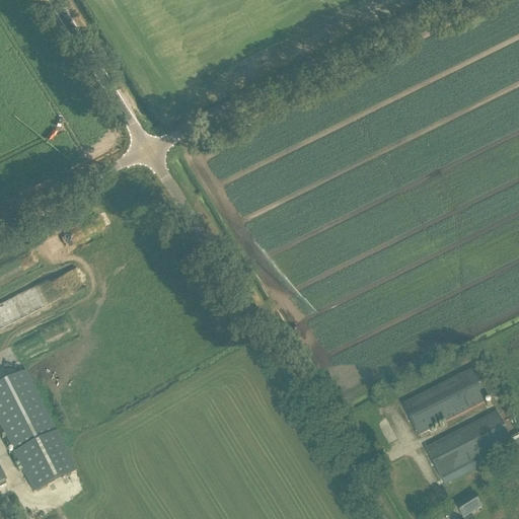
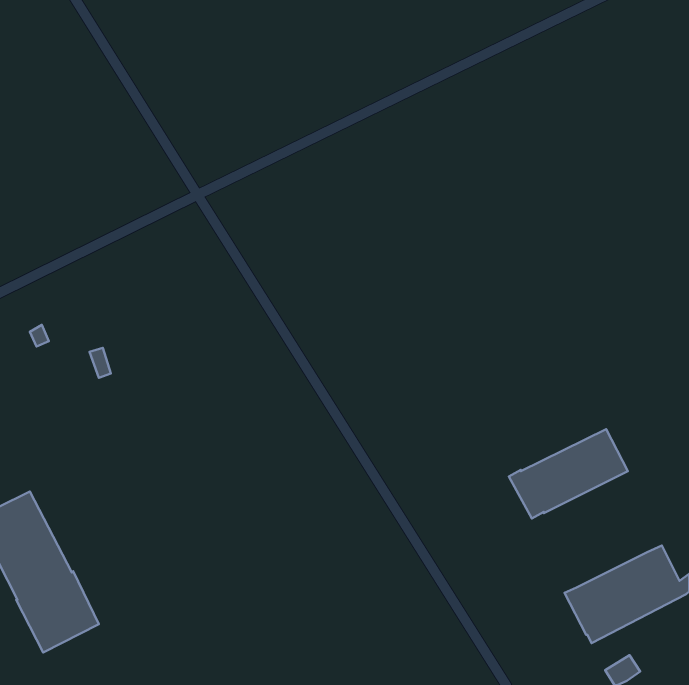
building: [399,365,489,432] -> [509,429,628,519]

